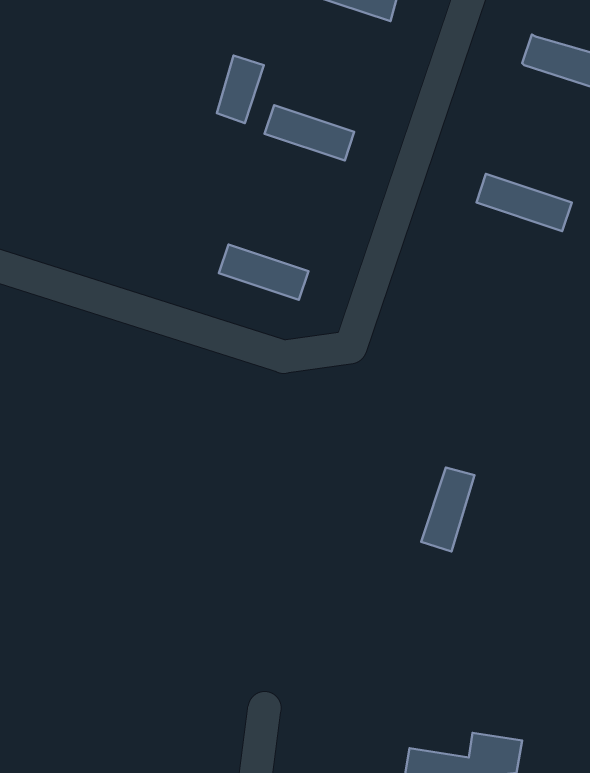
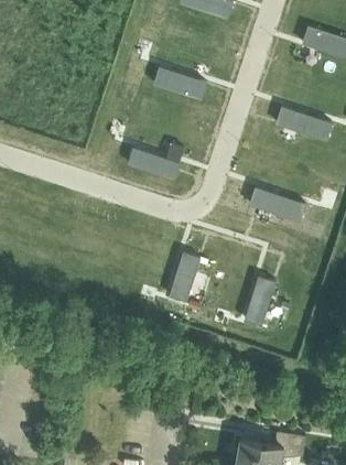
building: [217,55,264,123] -> none
building: none -> [250,187,305,221]
building: none -> [170,252,201,301]

